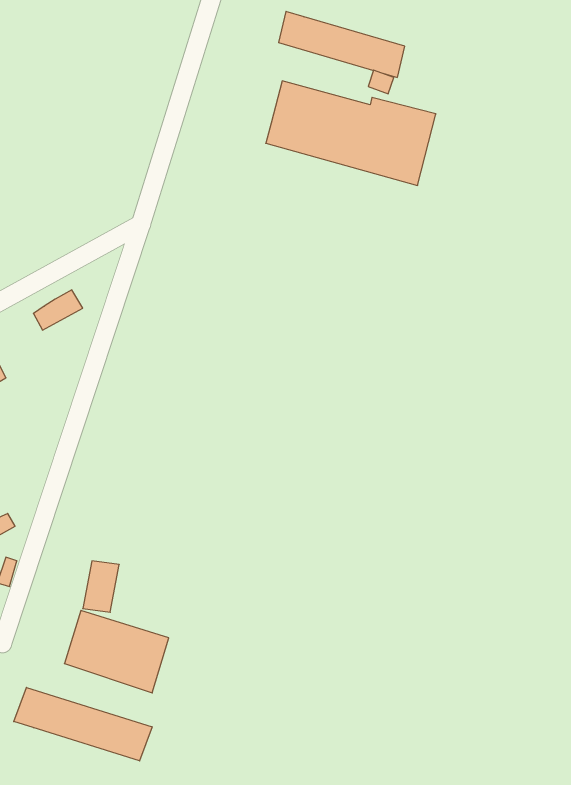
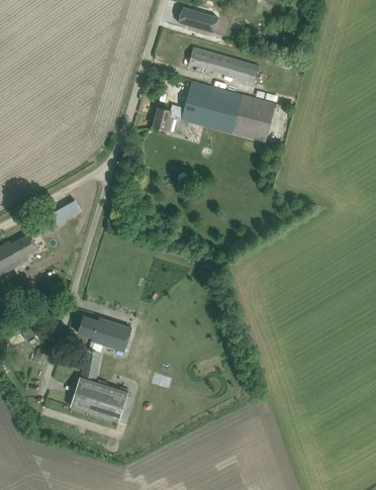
building: none -> [153,104,184,130]
building: none -> [77,315,131,351]
building: [14,687,152,761] -> none

